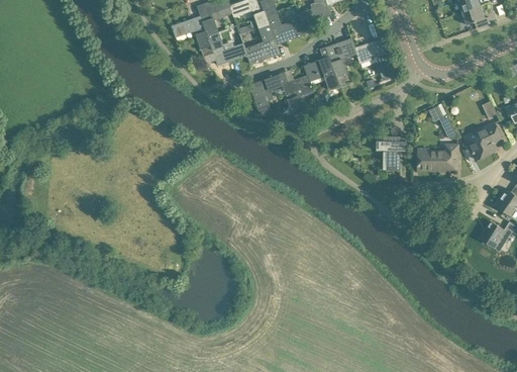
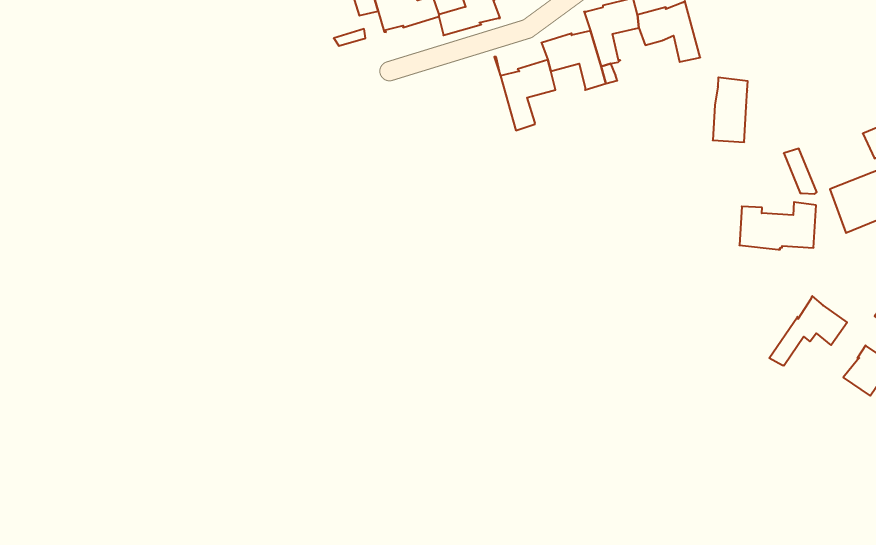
building: [248,75,282,114] -> none
building: [382,135,399,170] -> [713,77,748,142]
building: none -> [769,296,847,366]

